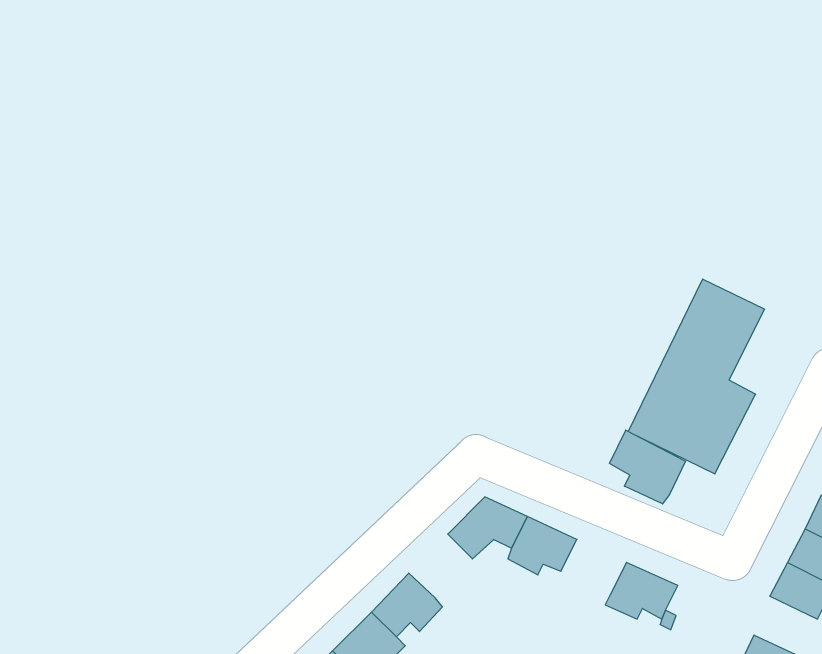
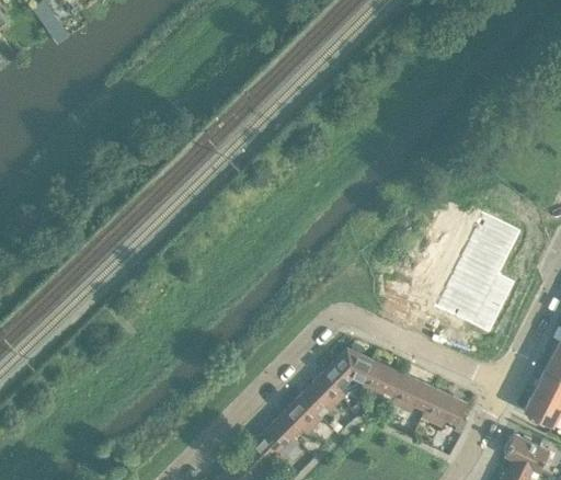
building: [609,430,686,504] -> none
building: none -> [300,373,345,412]
building: none -> [391,376,435,411]

